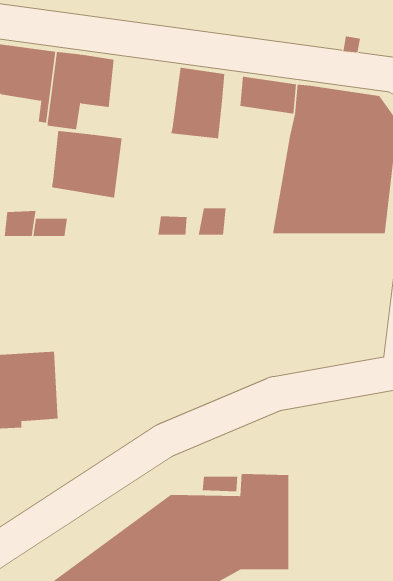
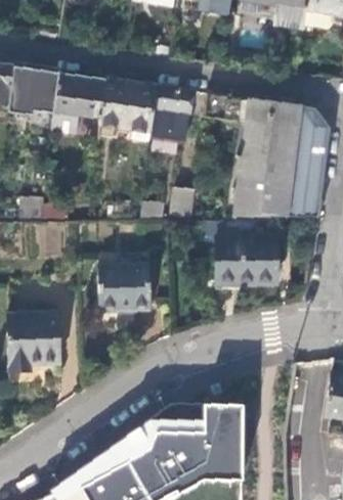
building: [51,130,123,198] -> [100,79,157,132]
building: none -> [213,235,274,283]
building: none -> [97,263,151,312]

